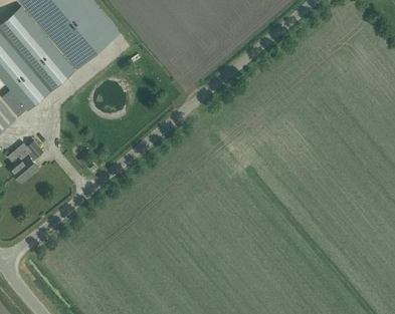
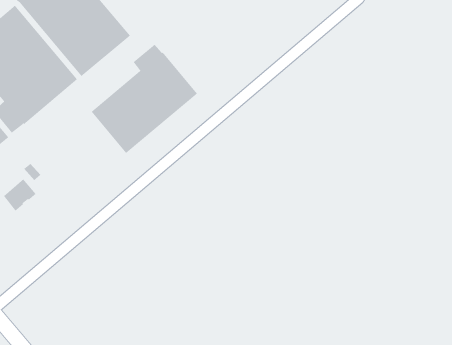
building: none -> [91,44,198,154]

